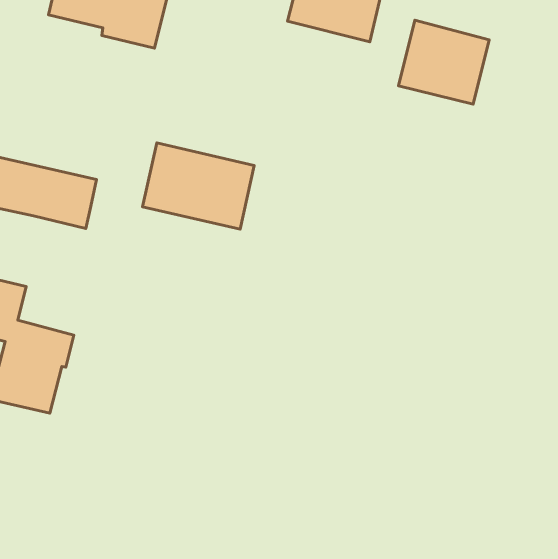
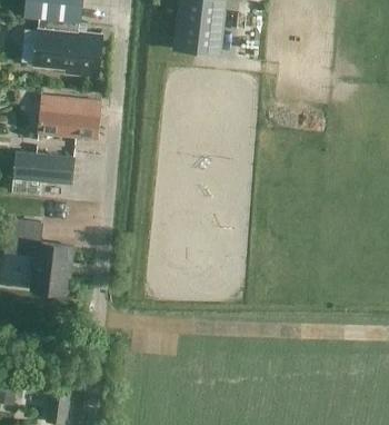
building: [398,20,489,104] -> none
building: [142,143,254,229] -> [38,96,99,139]

